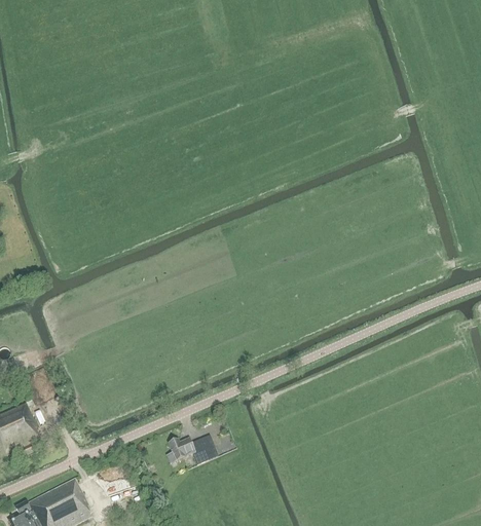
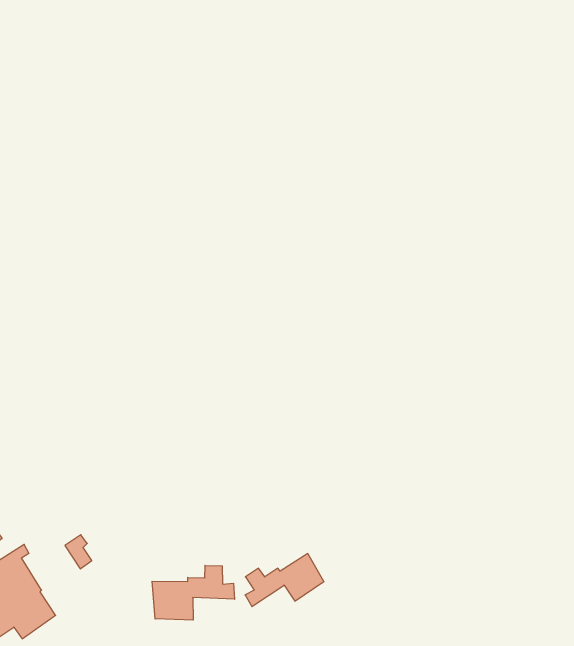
building: none -> [152,565,235,620]

